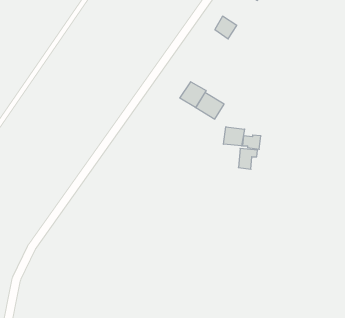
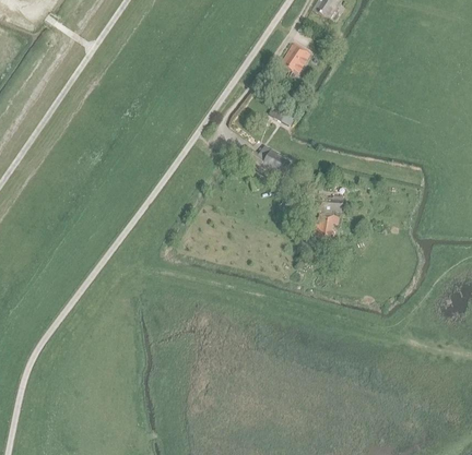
building: [180,82,206,108] -> none
building: [223,127,245,146] -> none

